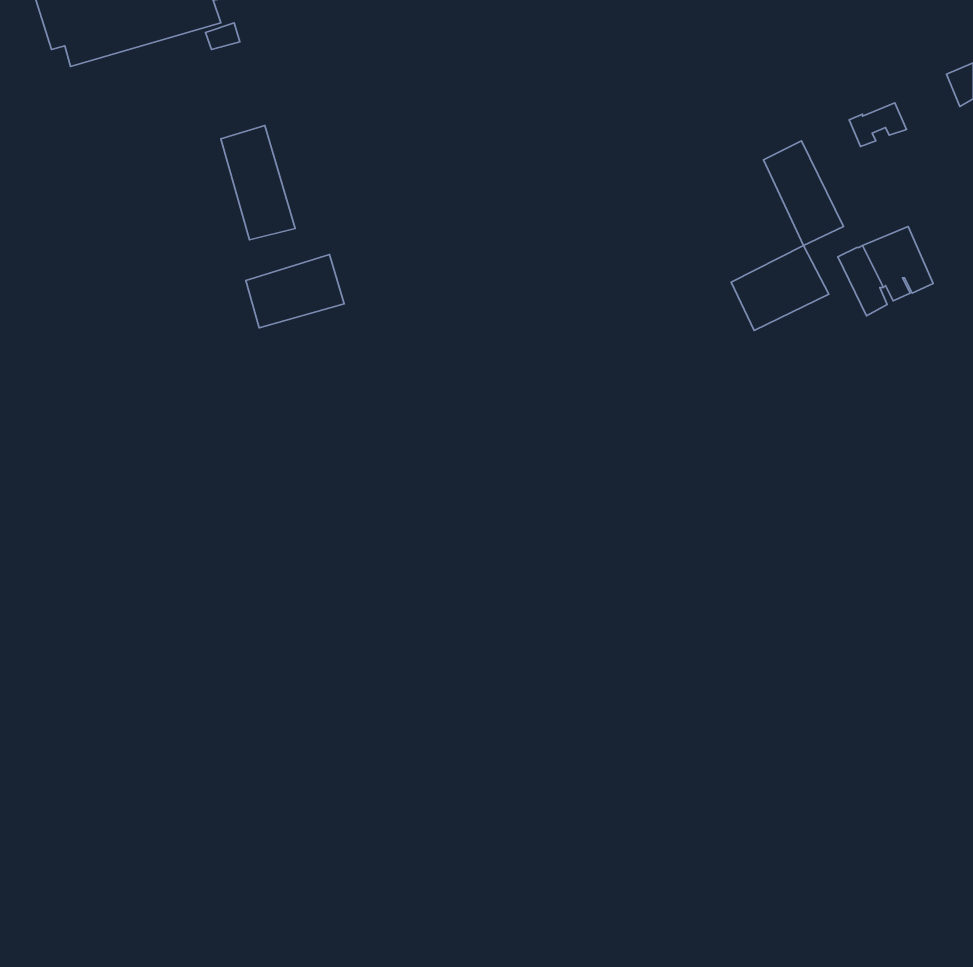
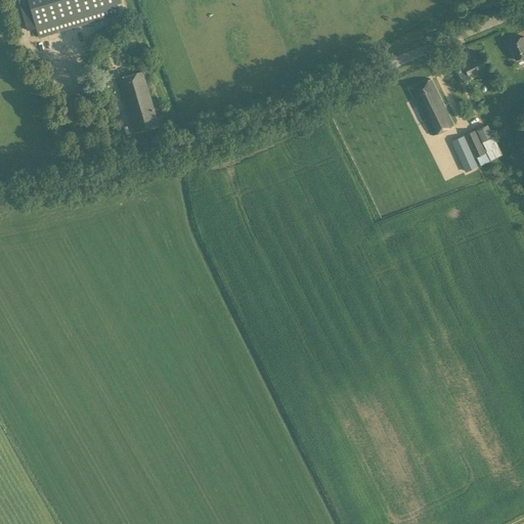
building: [731,246,829,330] -> none
building: [246,255,344,328] -> none

